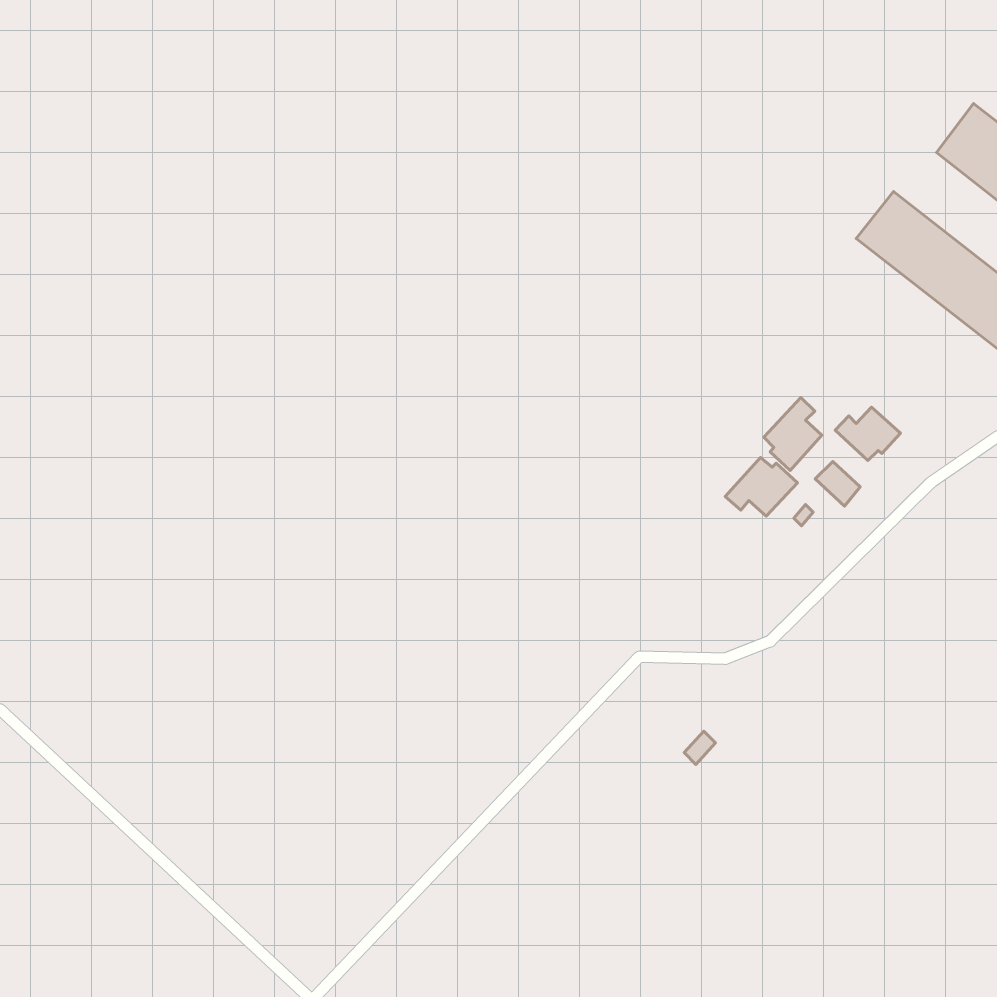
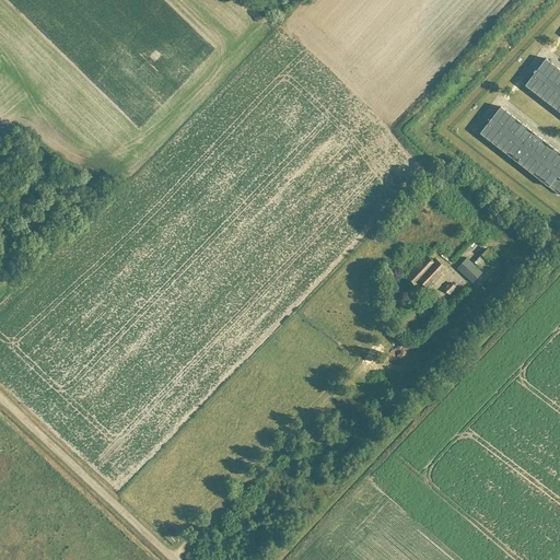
building: [764,397,822,470] -> none
building: [835,407,901,461] -> none

